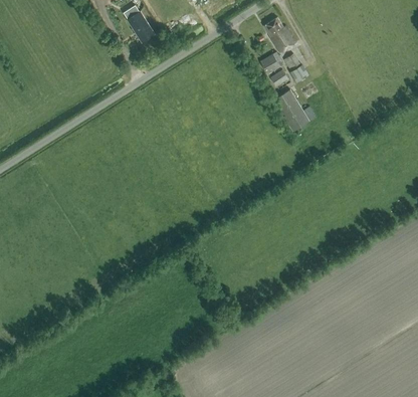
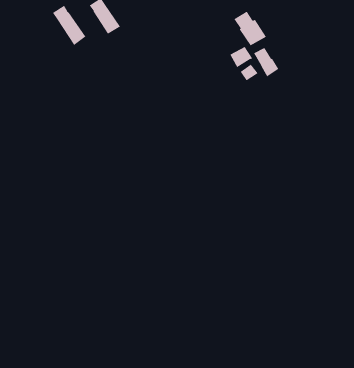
building: none -> [52,5,86,46]
building: [272,90,316,132] -> none

